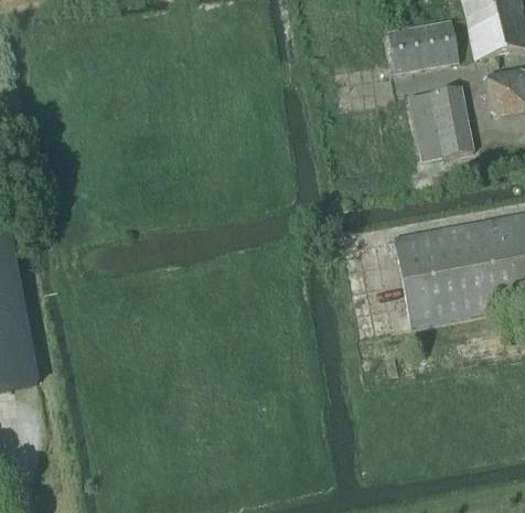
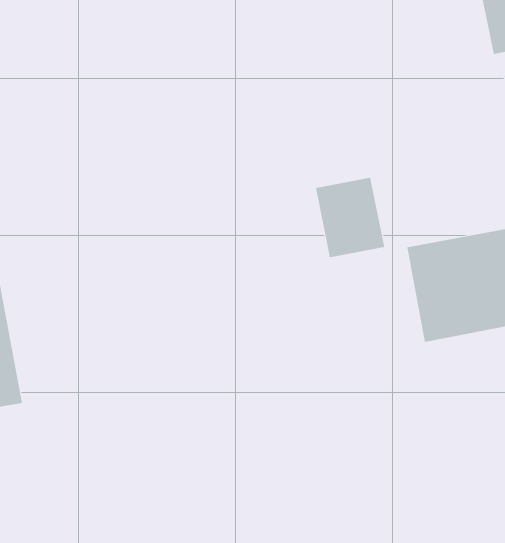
building: [387,19,459,74] -> none
building: [408,85,473,160] -> [315,177,385,258]

